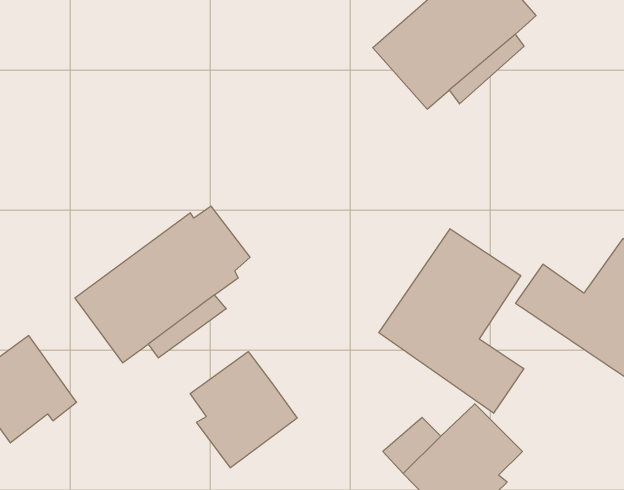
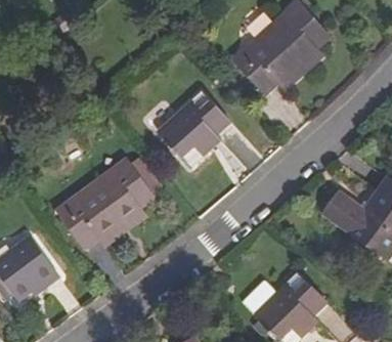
building: none -> [157,91,229,167]
building: [379,229,524,413] -> none
building: [190,352,297,468] -> none

